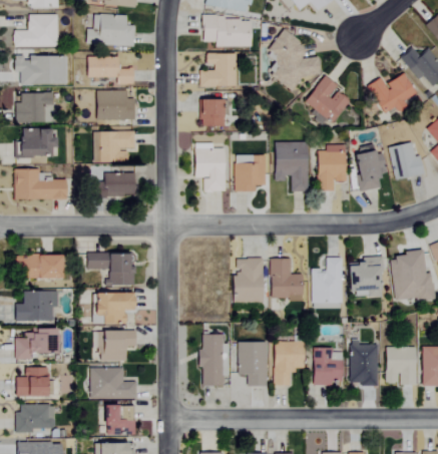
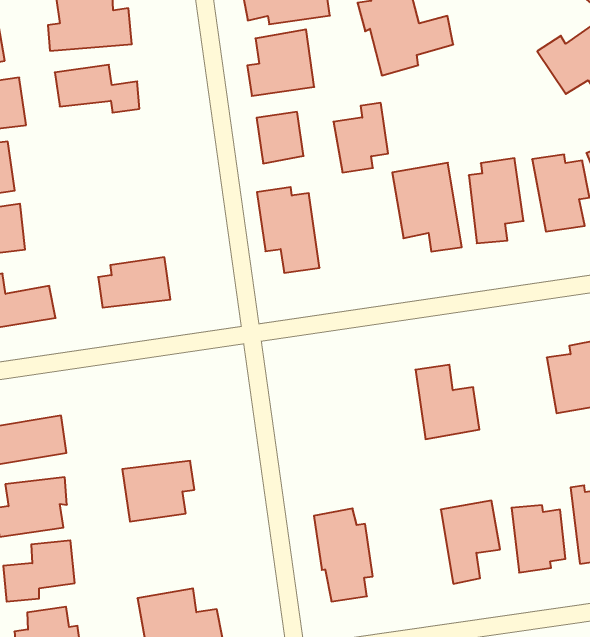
building: [306,75,350,122] -> none
building: [96,89,136,121] -> none
building: [94,130,135,161] -> none
building: [237,154,266,191] -> [333,103,388,172]
building: [85,253,138,286] -> none
building: [312,258,343,303] -> none
building: [234,259,264,303] -> none
building: [101,330,136,361] -> none
building: [239,342,269,386] -> none

